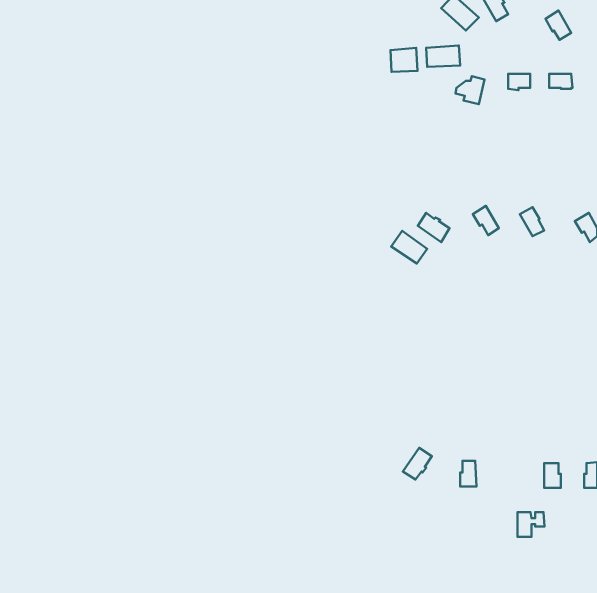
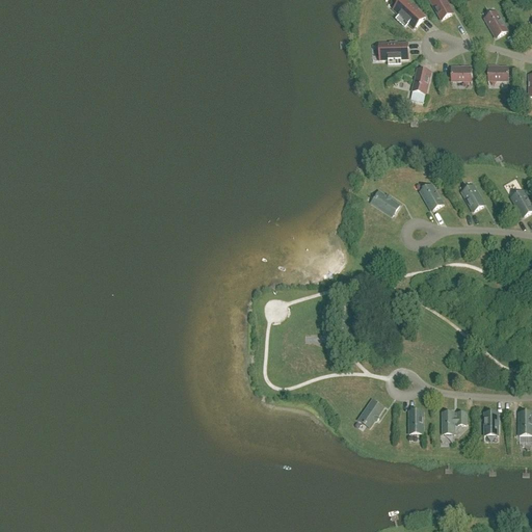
building: [390,48,418,72] -> none
building: [391,231,427,263] -> none
building: [518,512,545,537] -> [442,410,466,432]

